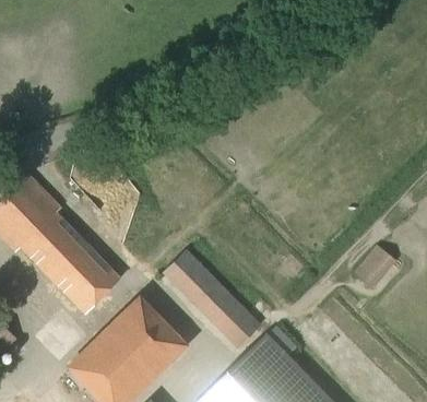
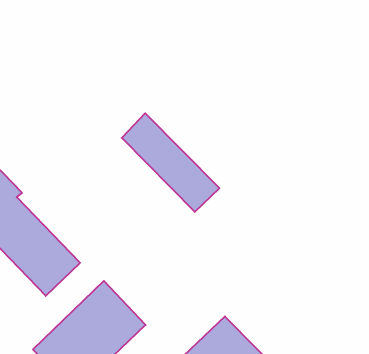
building: [353,246,395,289] -> none
building: [162,249,261,350] -> [122,113,219,212]

